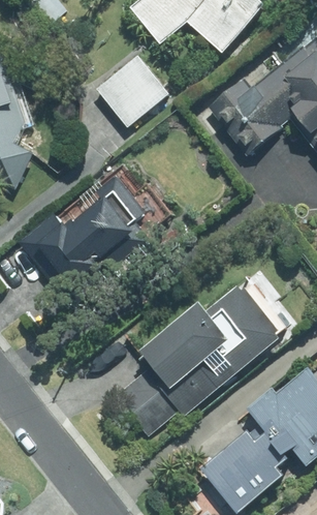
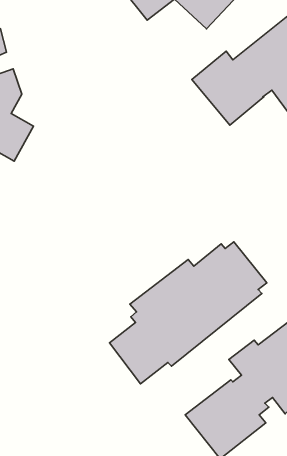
building: [95,55,170,129] -> none
building: [17,176,151,294] -> none

